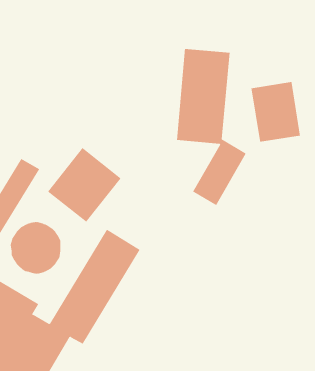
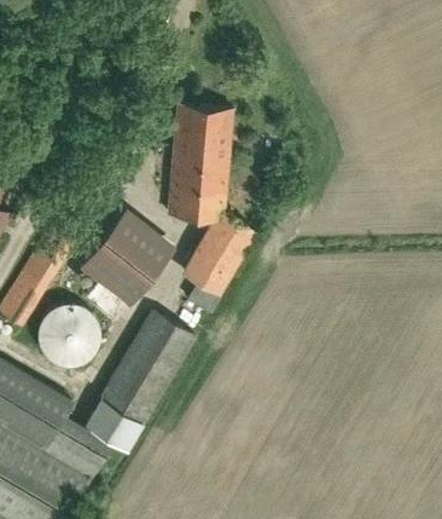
building: [176,49,247,206] -> [167,105,251,294]
building: [251,81,301,143] -> none

